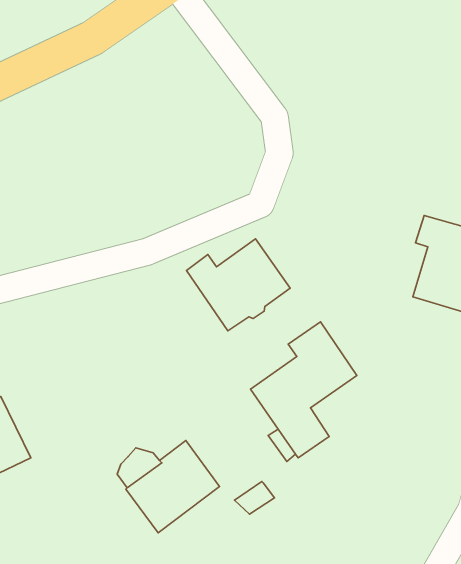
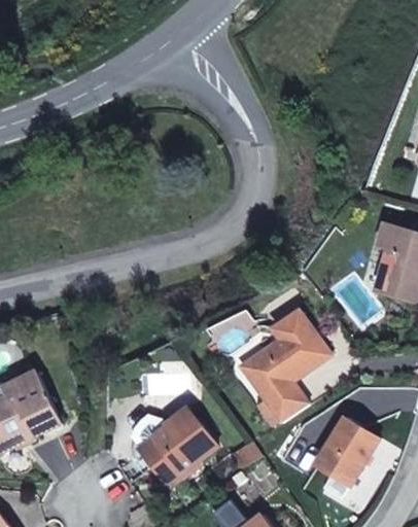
building: [186,239,290,331] -> none
building: none -> [314,417,378,485]

